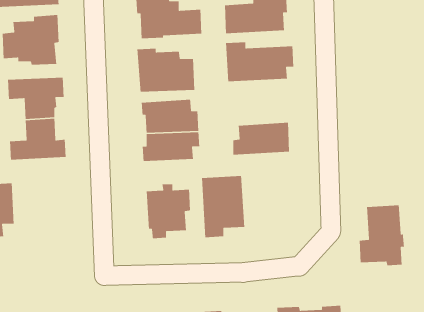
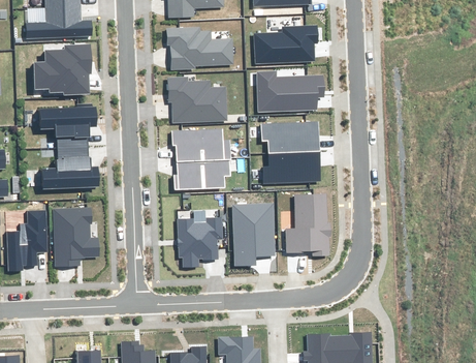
building: none -> [260,121,318,154]
building: none -> [52,208,98,267]
building: [359,205,405,266] -> [285,194,330,255]

